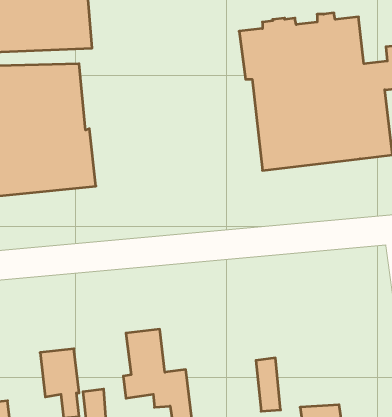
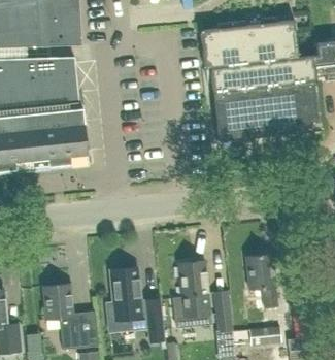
building: none -> [246,254,277,307]
building: none -> [174,260,212,327]

